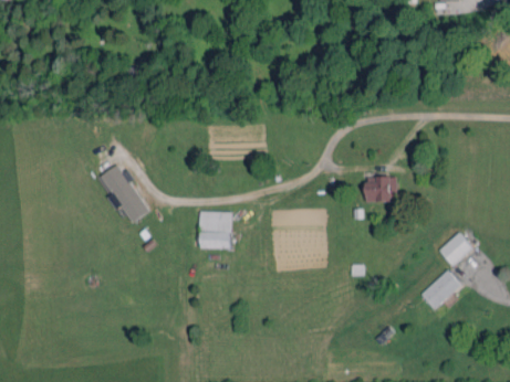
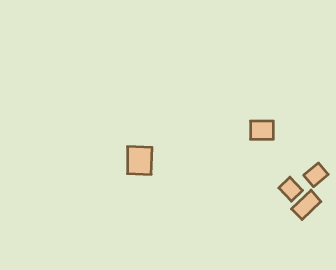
building: [100,163,149,222] -> none
building: none -> [279,177,303,201]

